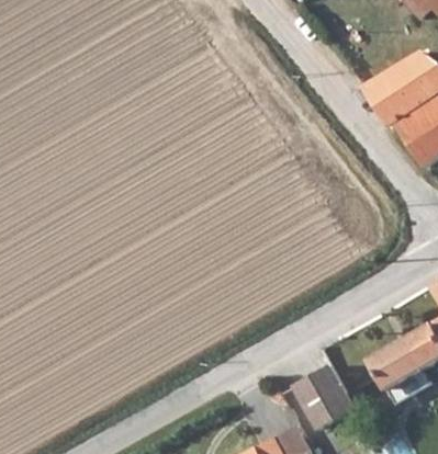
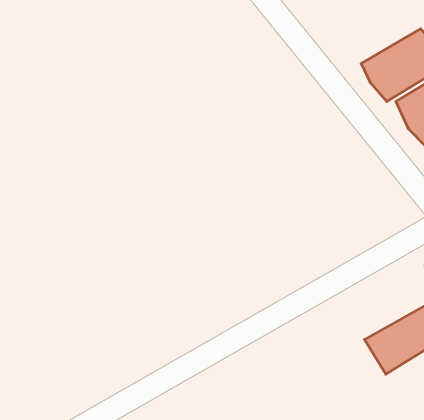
building: [297,370,356,429] -> none

